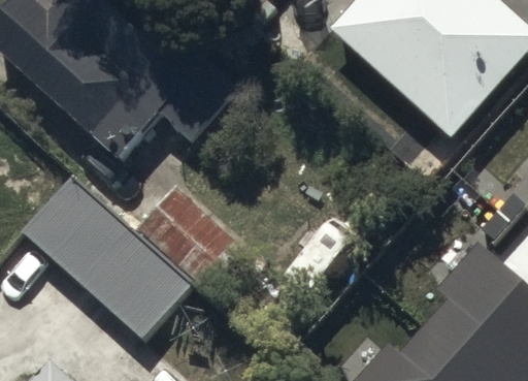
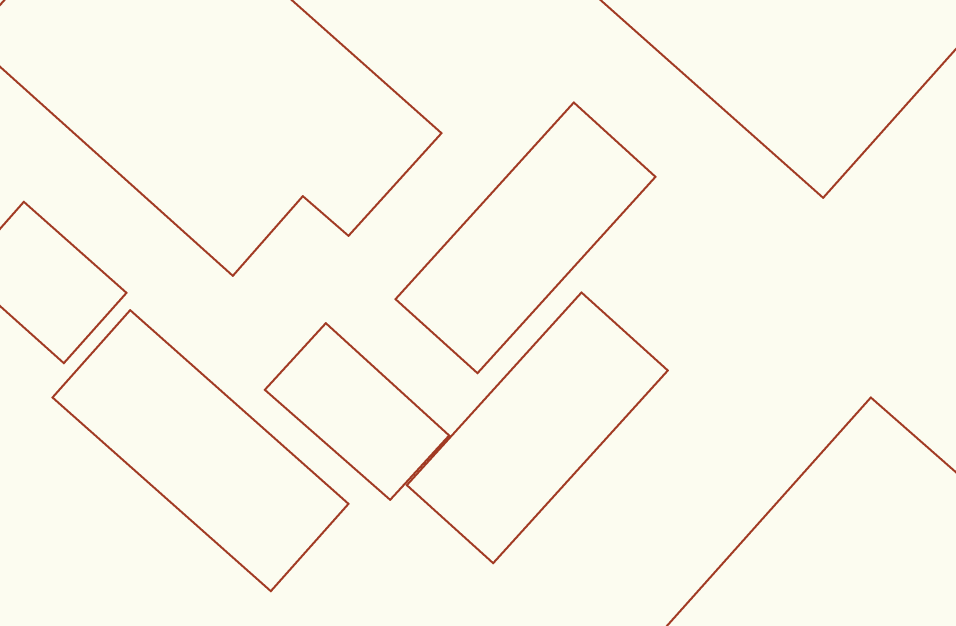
building: none -> [396,103,656,373]
building: none -> [407,293,668,563]

